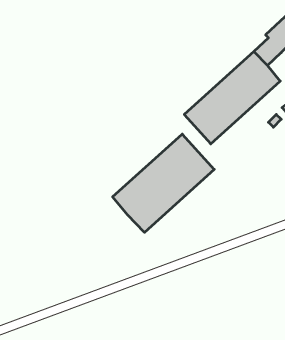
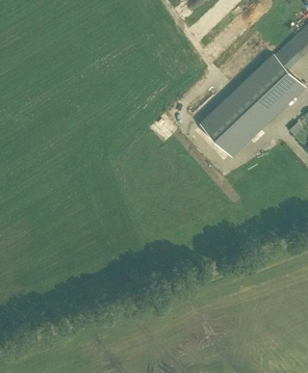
building: [113,134,214,232] -> none

